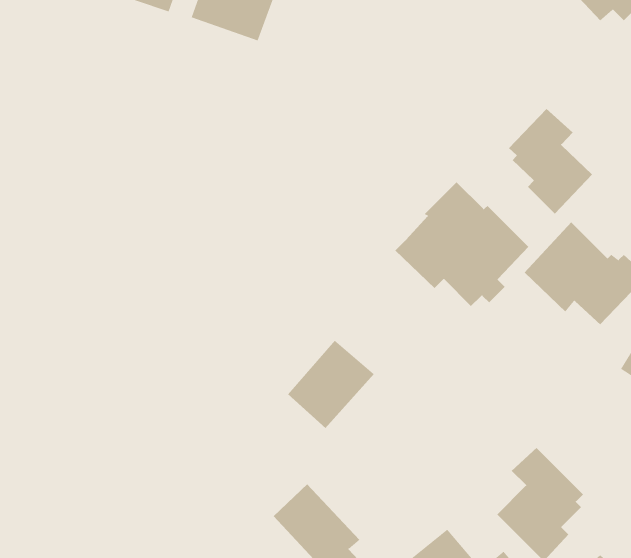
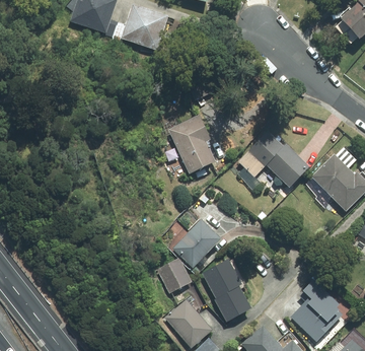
building: [508,108,593,214] -> none
building: none -> [167,112,216,174]
building: none -> [158,260,191,293]
building: none -> [203,260,250,322]

